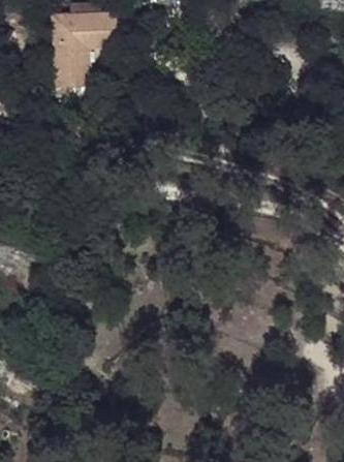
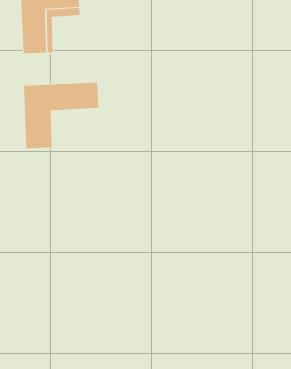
building: none -> [23,82,99,149]

